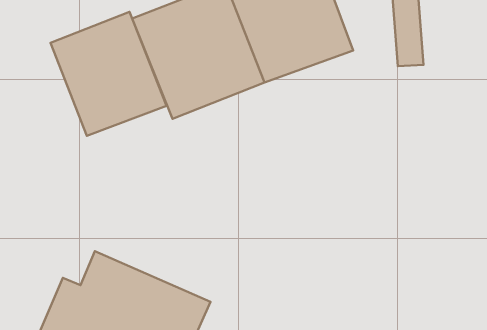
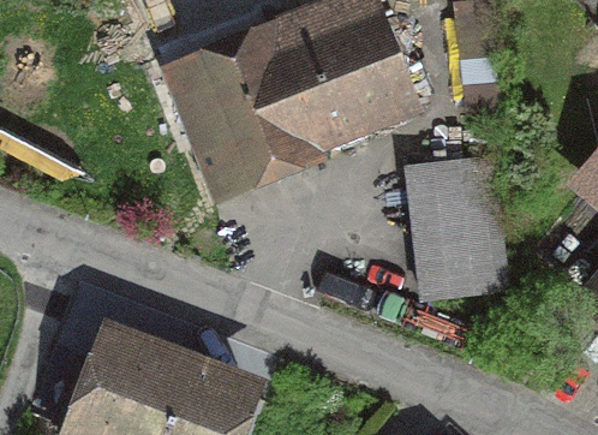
building: [50,12,166,136] -> none
building: none -> [413,162,506,296]

